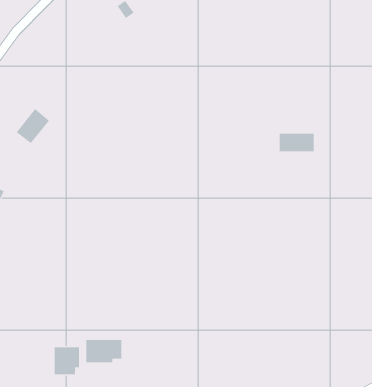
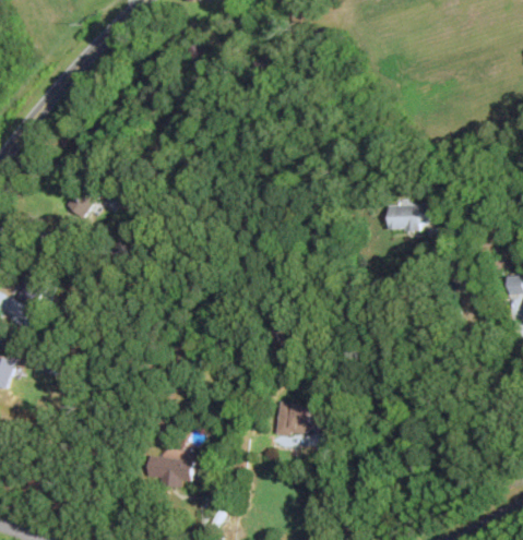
building: none -> [277,405,310,435]
building: [54,347,80,375] -> none

